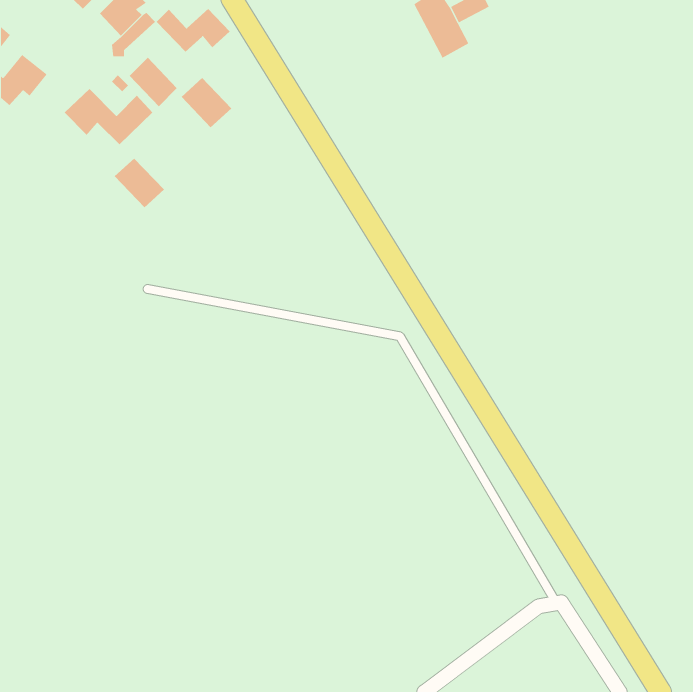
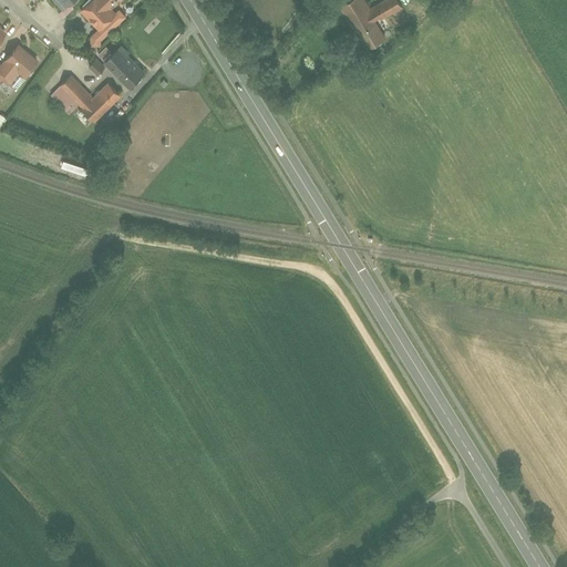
building: [156,8,231,53] -> none
building: [181,77,232,128] -> none
building: [114,158,165,208] -> none

